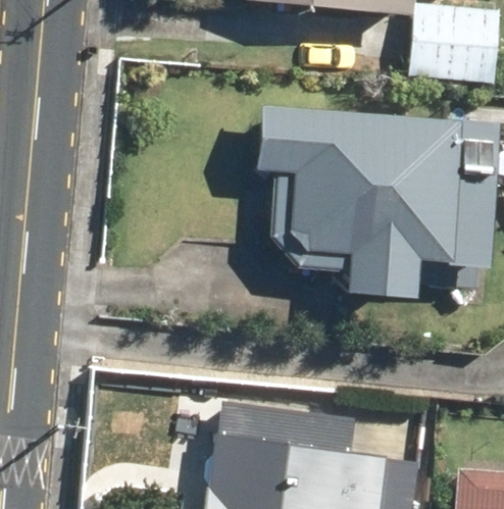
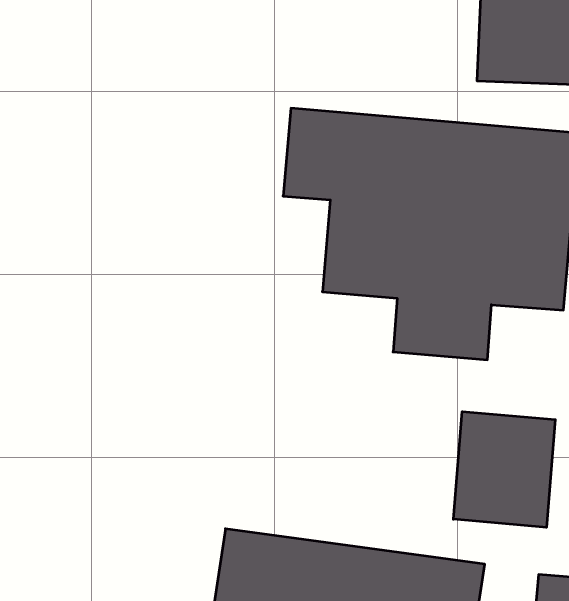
building: none -> [453,412,555,527]

